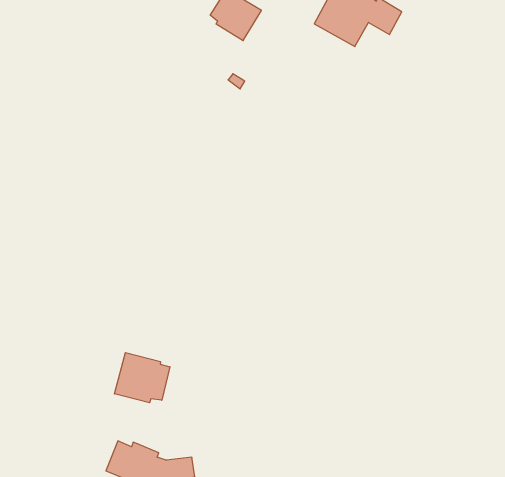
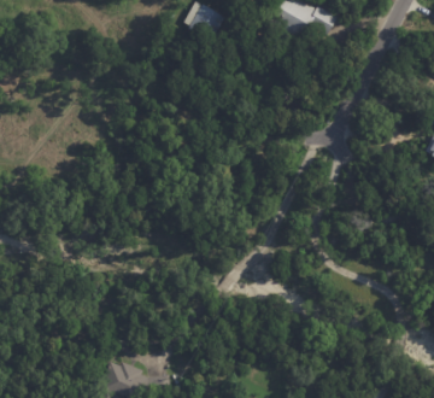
building: [114,353,170,403] -> none

